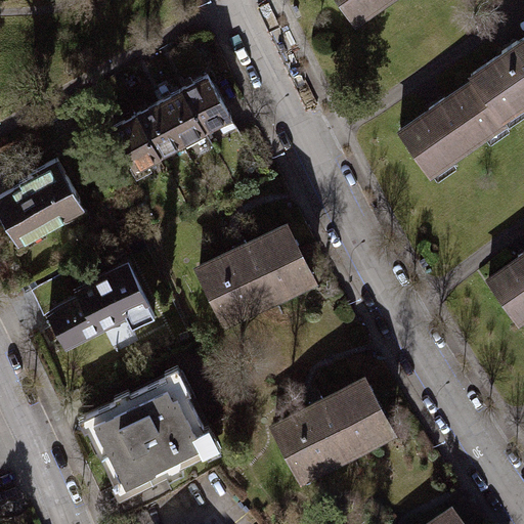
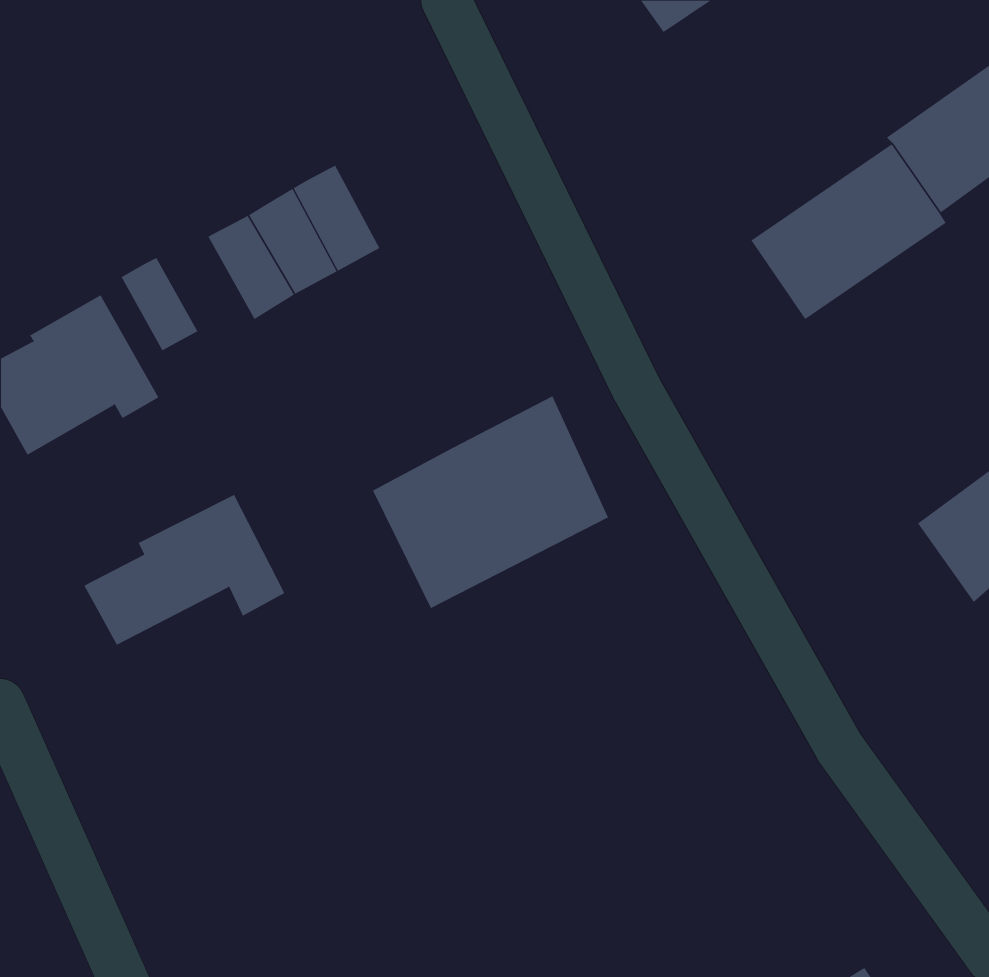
building: [178,80,229,138] -> none
building: none -> [121,257,198,351]
building: [272,370,402,486] -> none
building: [84,376,210,500] -> none

